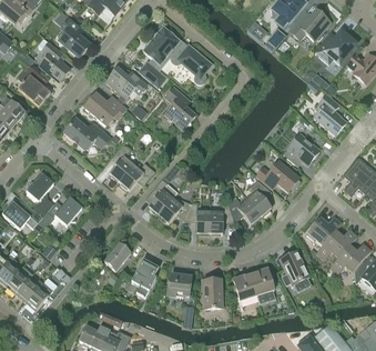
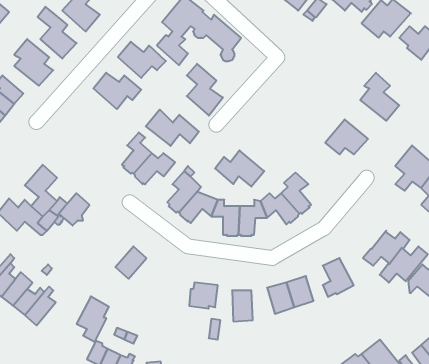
building: [63,118,109,149] -> [146,110,199,146]
building: [256,160,298,191] -> [215,150,264,187]
building: [305,217,341,244] -> none
building: [130,258,157,297] -> [77,296,109,342]

